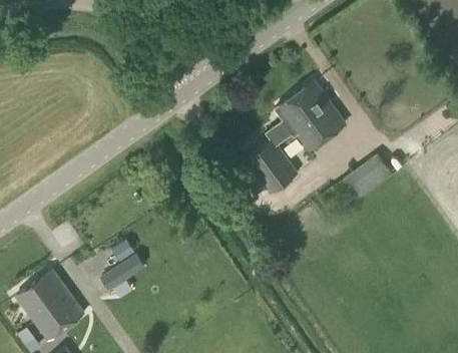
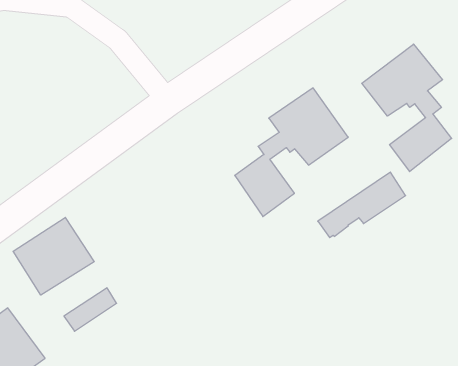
building: none -> [362,44,452,172]
building: none -> [13,217,94,295]

